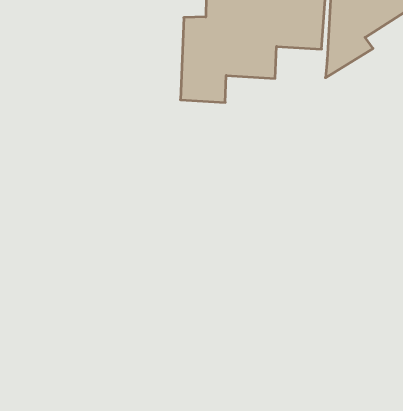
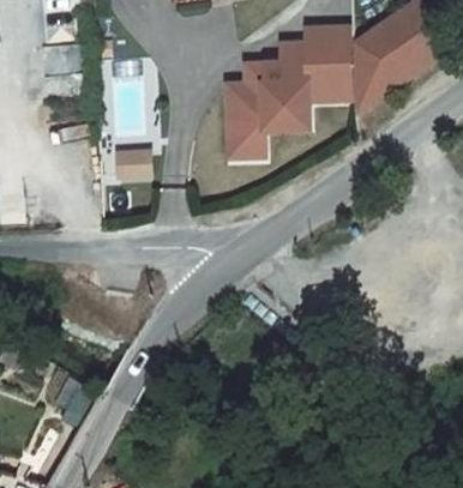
building: none -> [113,147,151,179]

